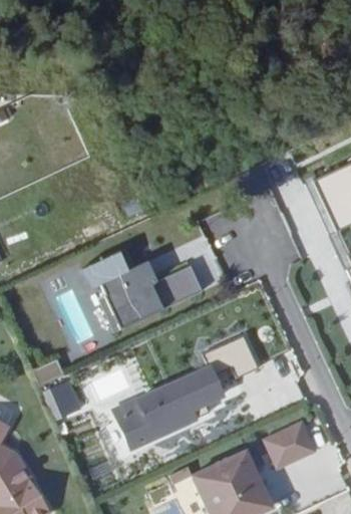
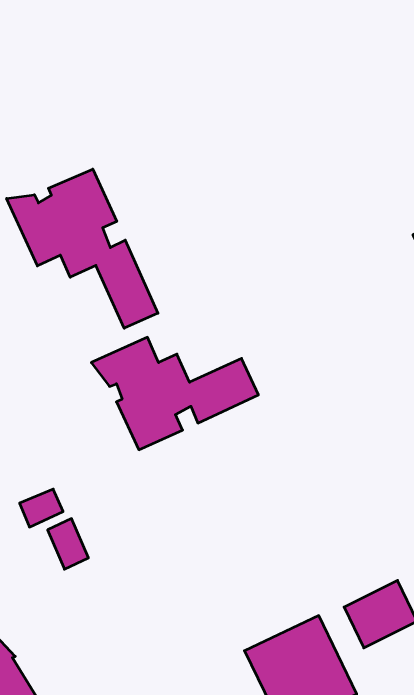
building: none -> [7,169,158,328]
building: [112,336,260,450] -> none

